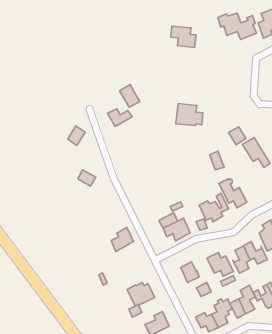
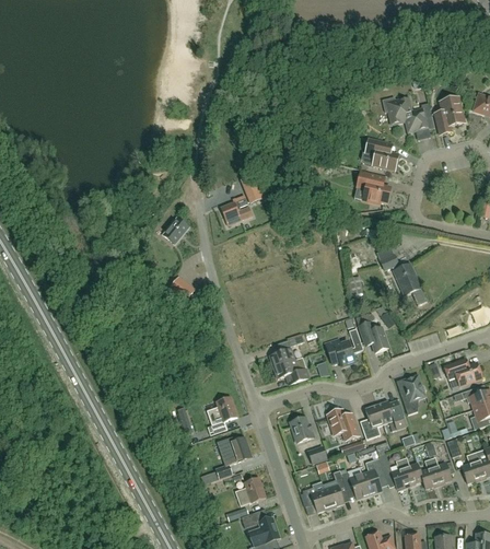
building: [171,26,196,47] -> [364,139,398,171]
building: [176,104,203,126] -> [353,172,390,203]
building: [111,228,134,251] -> [207,397,236,427]

